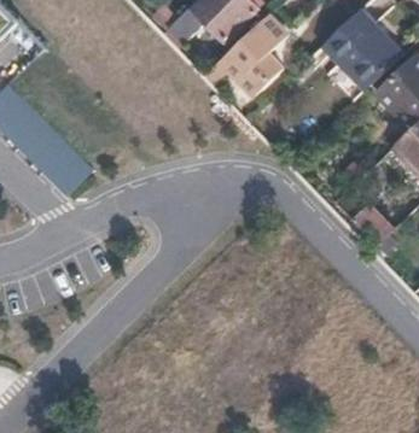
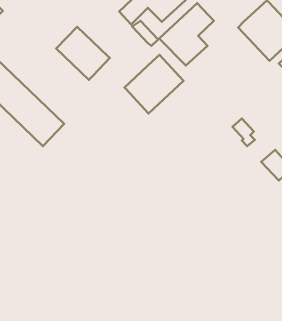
building: none -> [56,27,110,80]
building: none -> [125,55,184,113]

